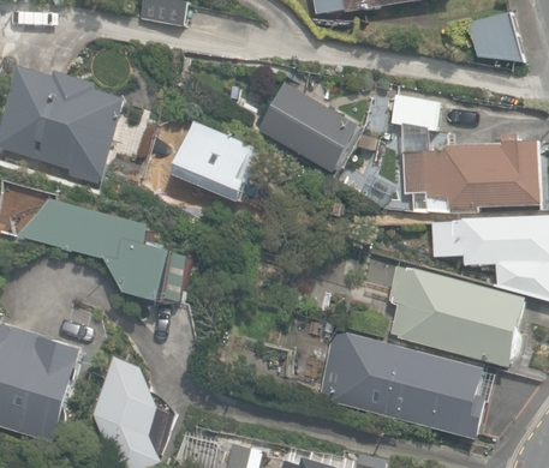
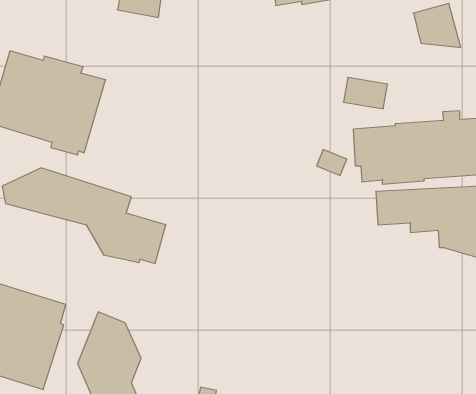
building: [261,86,356,169] -> none
building: [171,121,261,203] -> none
building: [386,264,526,366] -> none
building: [316,332,487,439] -> none

